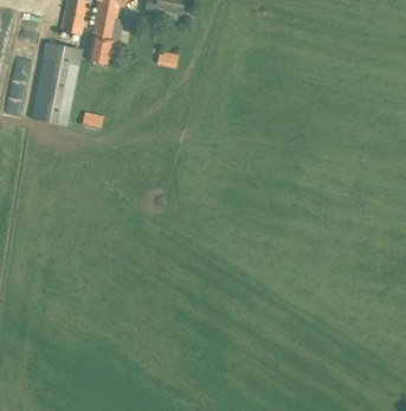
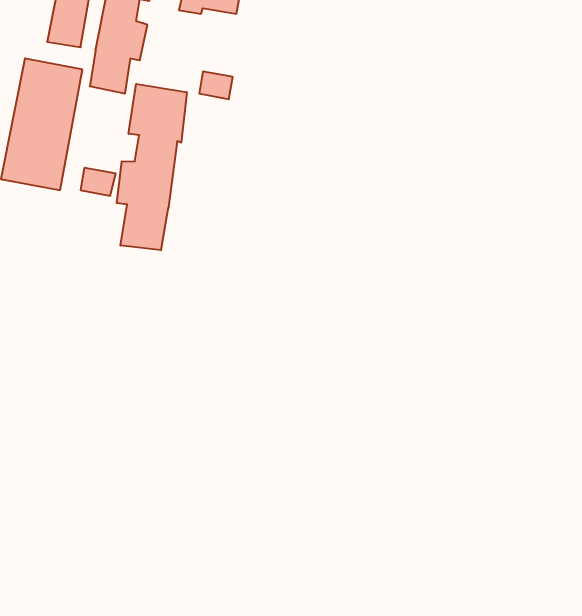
building: none -> [117,84,187,250]

